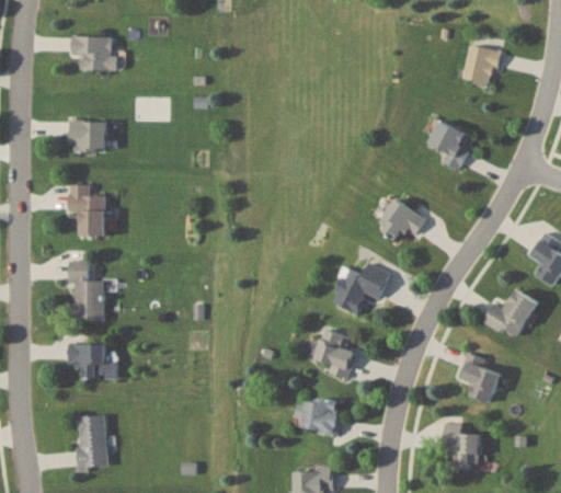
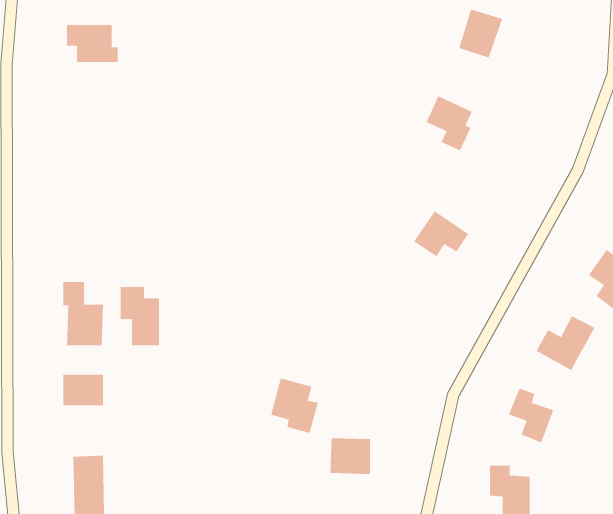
building: [462,44,502,88] -> [458,8,503,58]
building: [72,121,105,151] -> none
building: [428,121,470,170] -> [425,95,473,151]
building: [70,184,105,237] -> [120,286,160,346]
building: [332,263,390,313] -> none
building: [314,329,357,378] -> [270,378,319,434]

